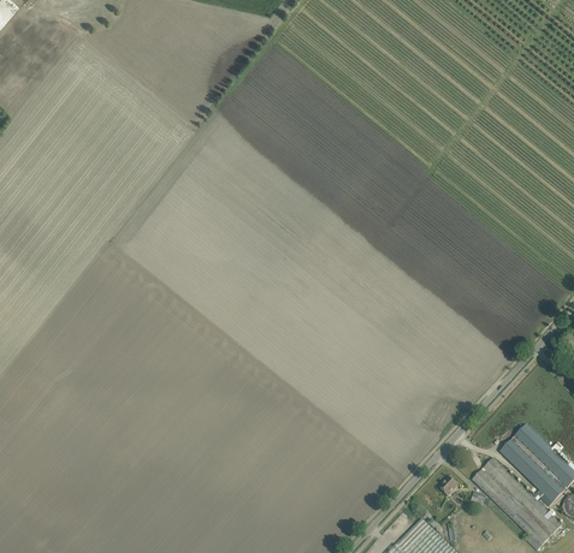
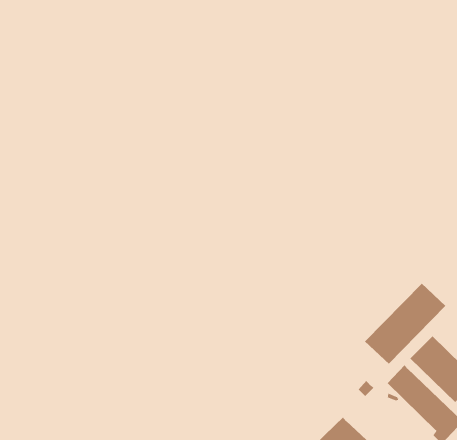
building: none -> [364,283,446,365]

